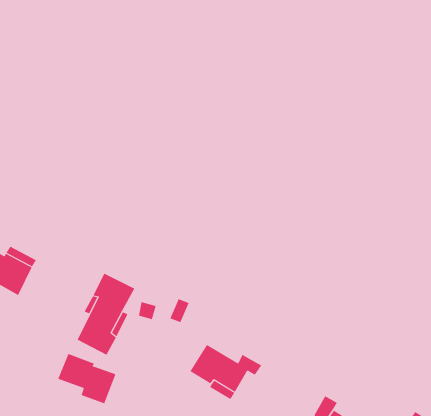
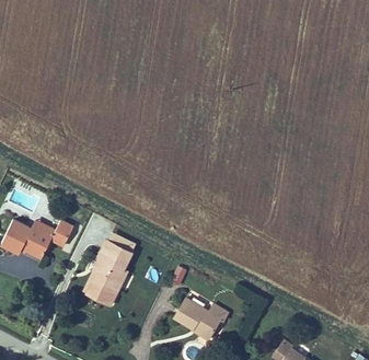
building: [58,353,116,404] -> none

